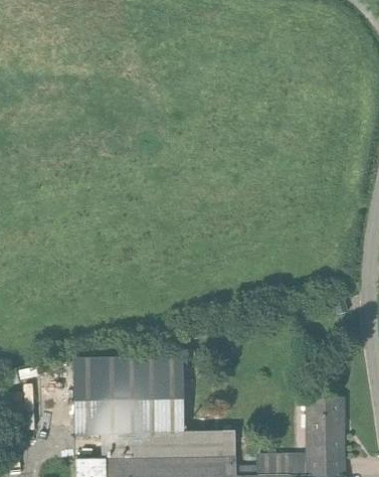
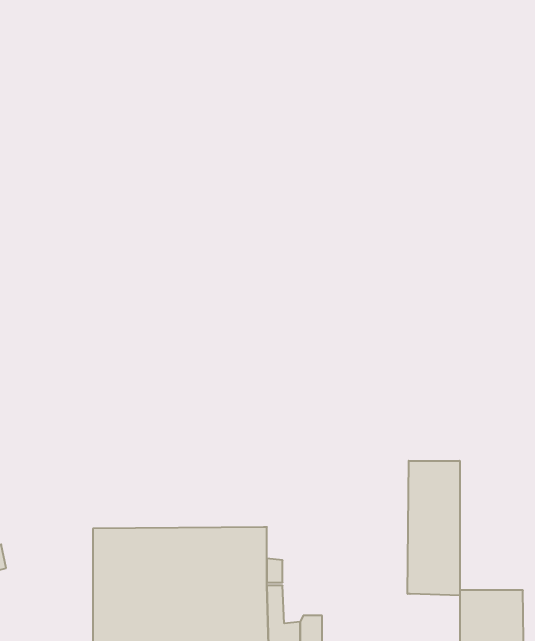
building: none -> [408,461,460,596]

